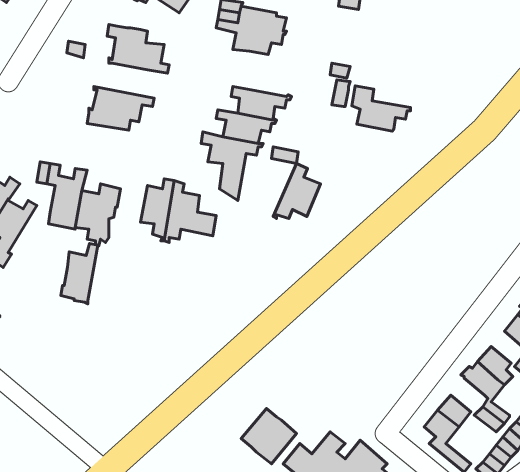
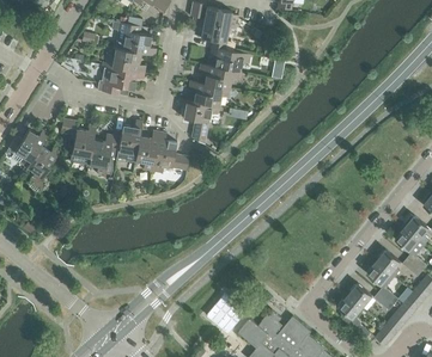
building: none -> [102,48,146,73]
building: [352,86,411,131] -> [211,39,252,72]
building: [273,164,321,218] -> none
building: [61,244,98,304] -> [116,121,142,164]

